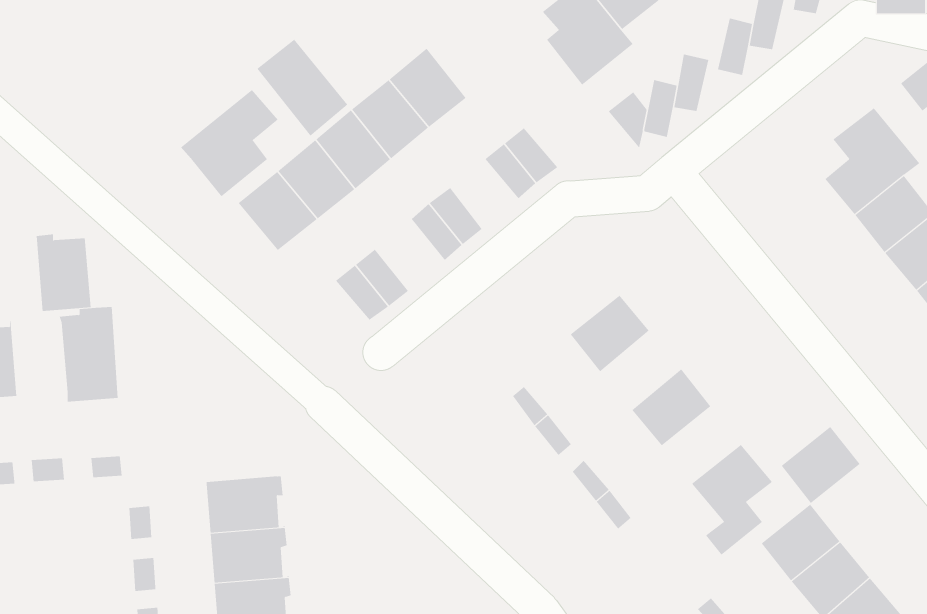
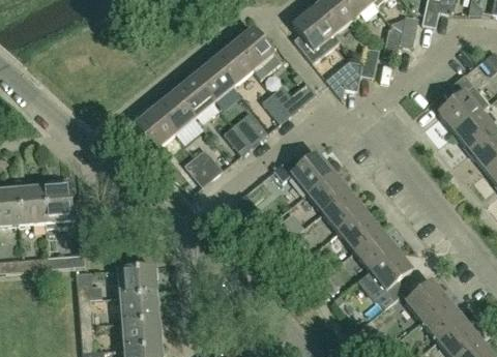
building: [257,39,348,136] -> [232,27,280,78]
building: [180,89,279,197] -> none
building: [36,234,91,312] -> [16,183,45,224]
building: none -> [274,151,332,191]
building: none -> [322,189,364,231]
building: [781,426,860,504] -> [354,229,396,269]

